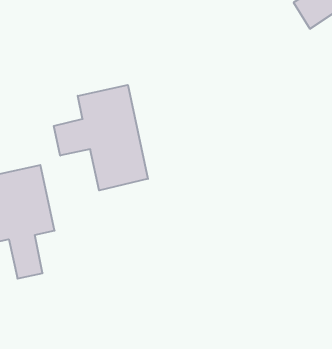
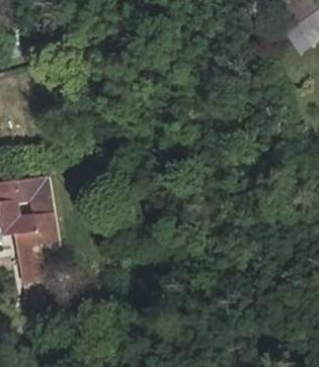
building: [54,85,148,190] -> none

